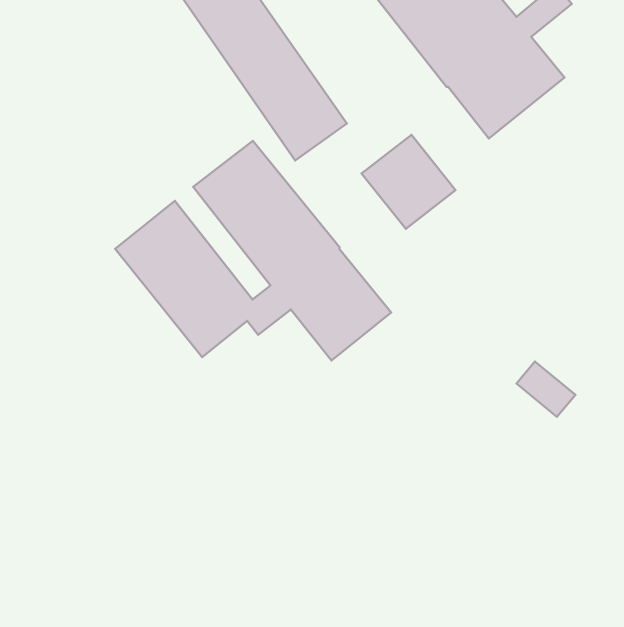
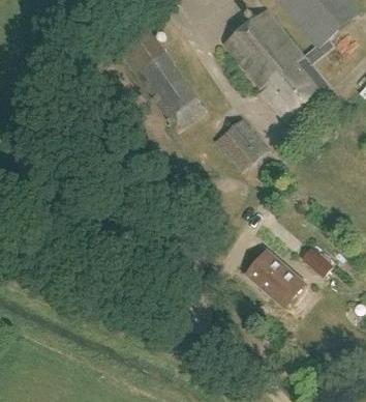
building: [115,141,391,360] -> none
building: none -> [246,250,304,307]

